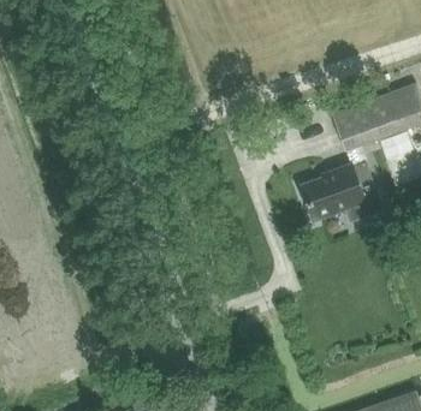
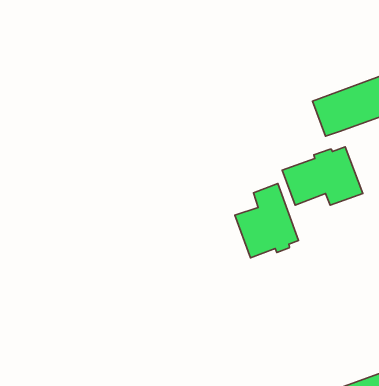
building: none -> [235,184,298,258]

